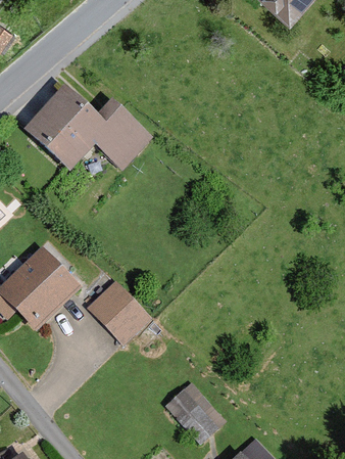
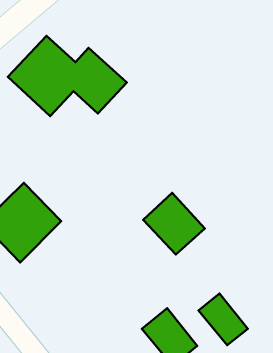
building: [87,279,154,347] -> [143,193,205,255]
building: none -> [198,294,248,345]

